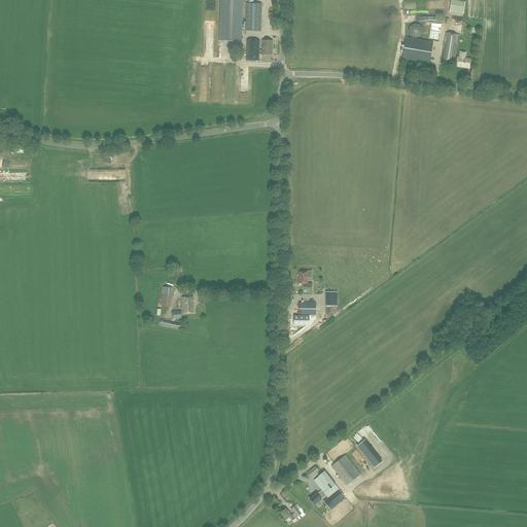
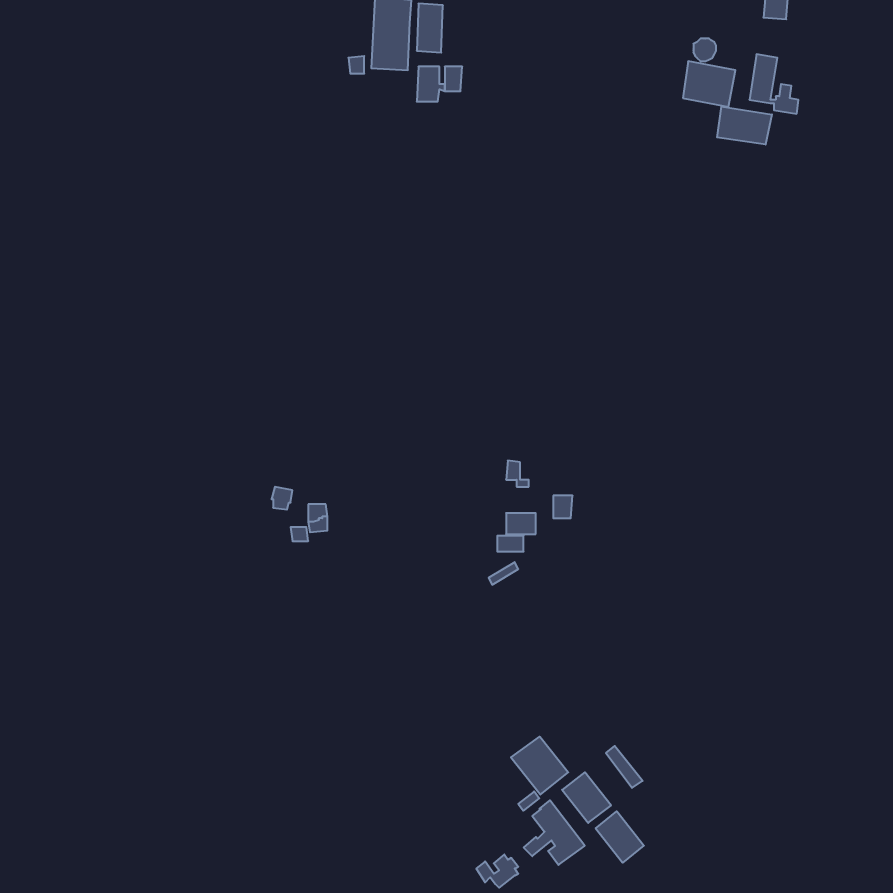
building: none -> [717,107,772,145]
building: none -> [511,737,568,795]
building: none -> [596,811,644,863]

